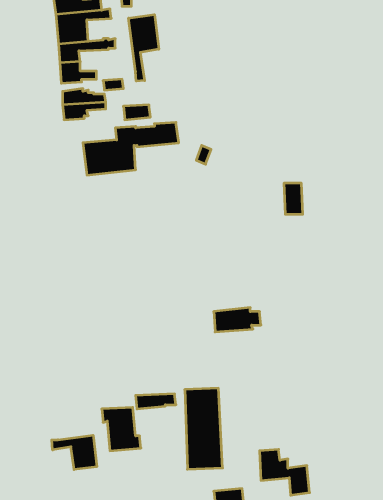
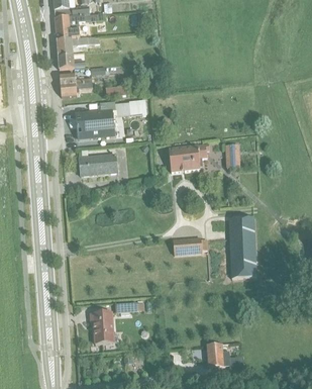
building: [129,15,159,81] -> none
building: none -> [168,143,209,172]
building: none -> [79,154,117,176]
building: [185,388,223,469] -> [228,216,256,277]
building: [52,435,97,470] -> none

